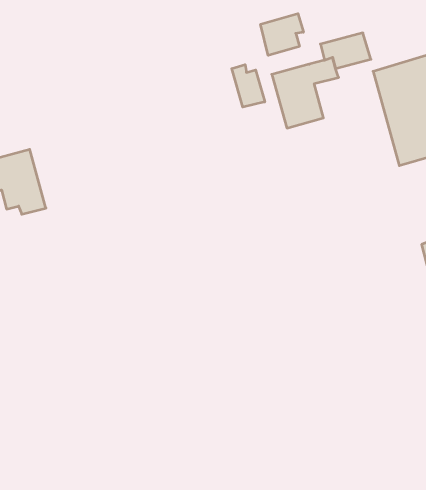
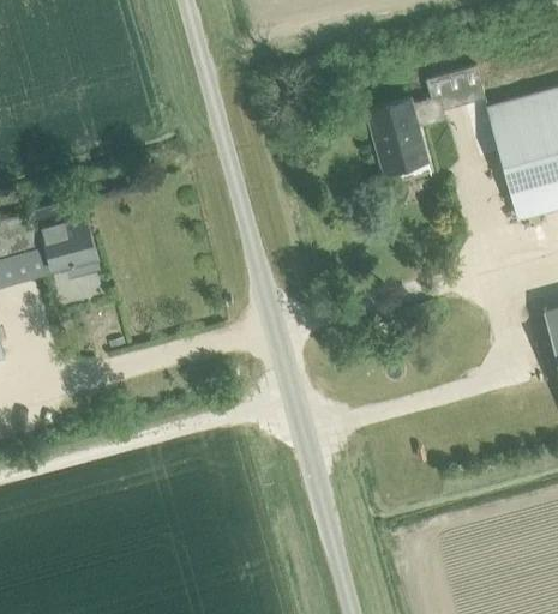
building: [261,14,303,55] -> none
building: [232,65,265,107] -> none

